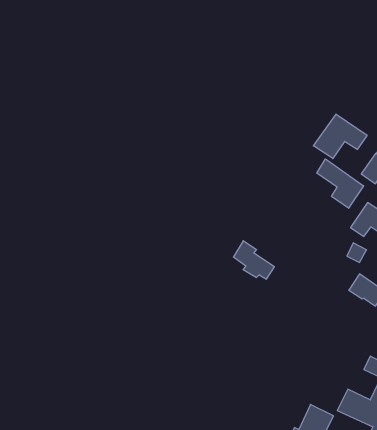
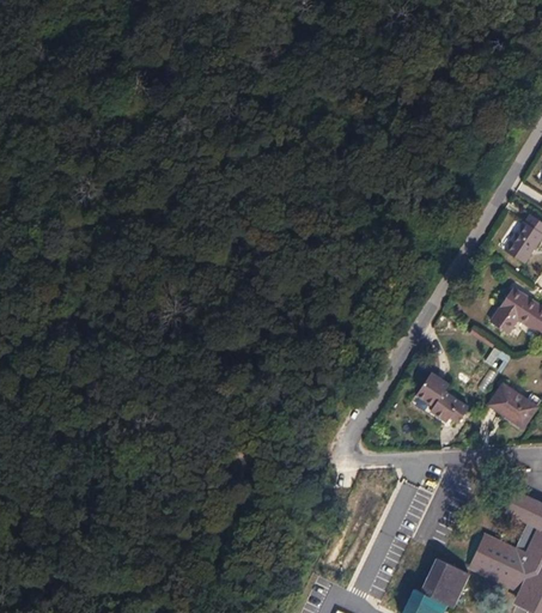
building: [313,114,367,159] -> none
building: [317,159,364,208] -> none
building: [233,241,274,279] -> [415,372,470,424]

